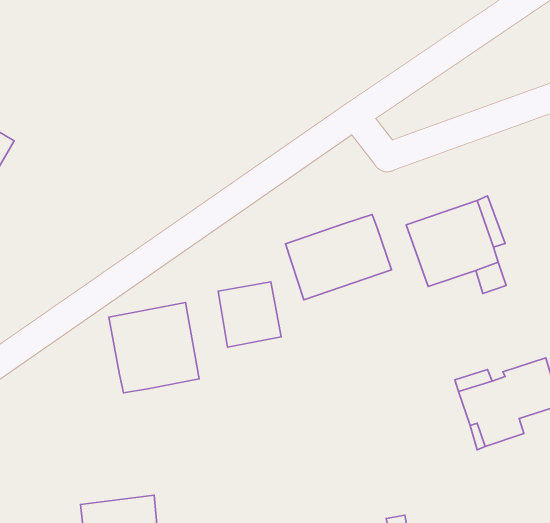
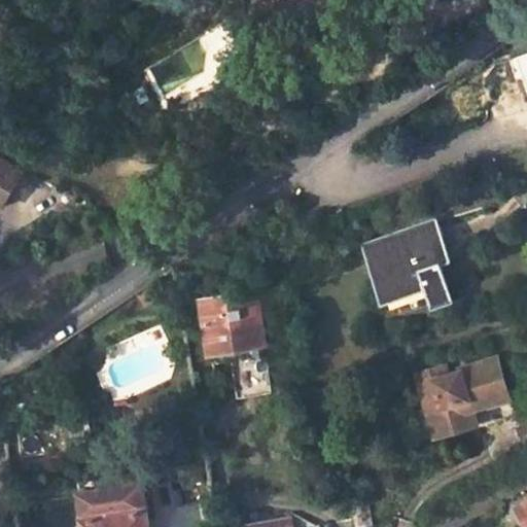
building: [286,215,391,300] -> none
building: [109,303,199,393] -> none

